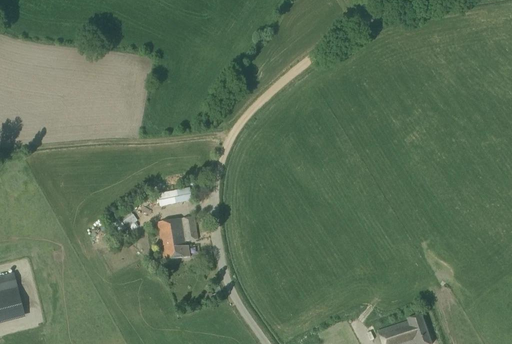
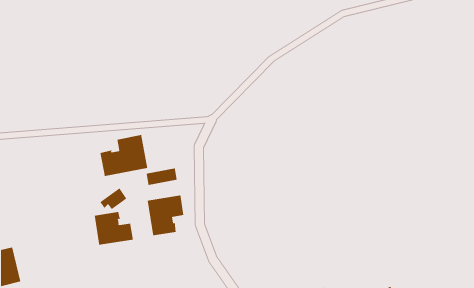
building: none -> [100,134,148,177]
building: none -> [94,211,134,246]

